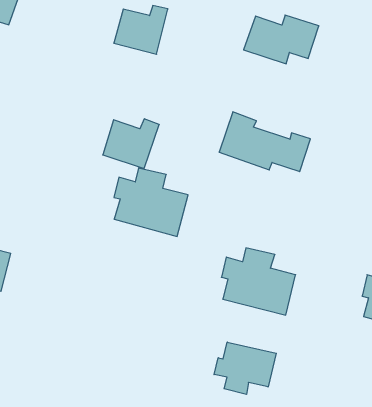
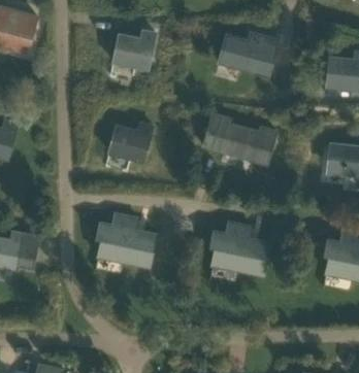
building: [114,168,188,236] -> [96,214,156,268]
building: [214,342,276,394] -> none

